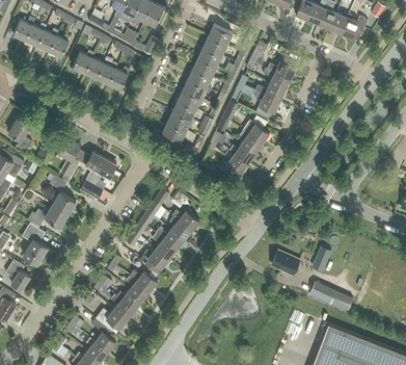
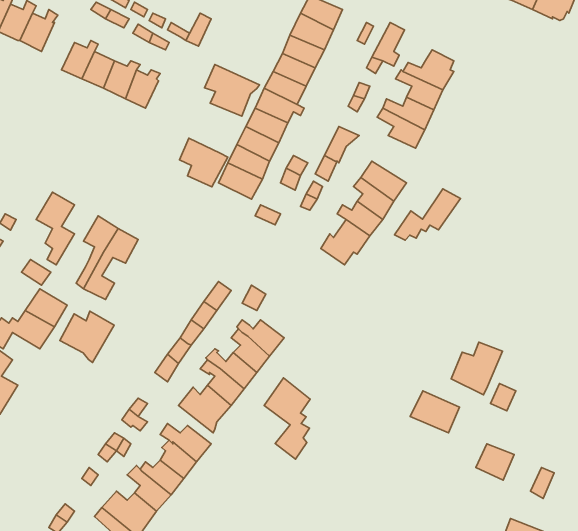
building: none -> [204,65,260,116]
building: none -> [179,138,228,187]
building: none -> [394,189,461,240]
building: none -> [60,311,114,363]
building: none -> [451,342,503,395]
building: none -> [264,378,310,459]

